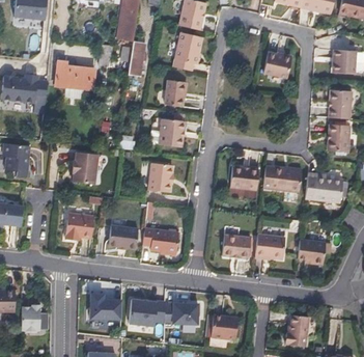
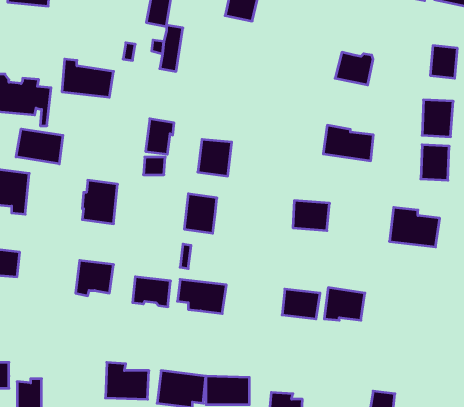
building: [173,34,203,72] -> none
building: [165,81,187,108] -> [146,119,174,154]
building: none -> [16,129,63,164]
building: [263,166,302,193] -> [323,125,373,161]
building: [298,240,328,264] -> none

